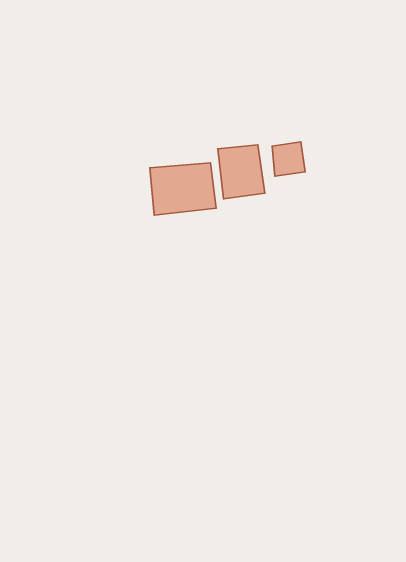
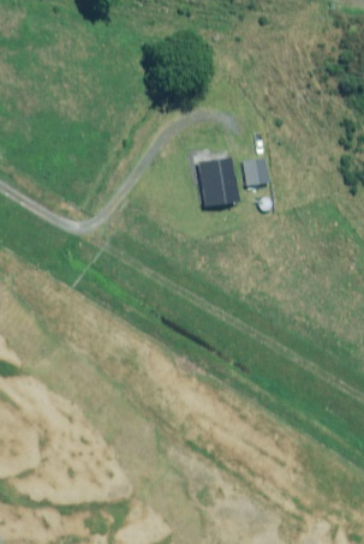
building: [150,163,216,215] -> none

